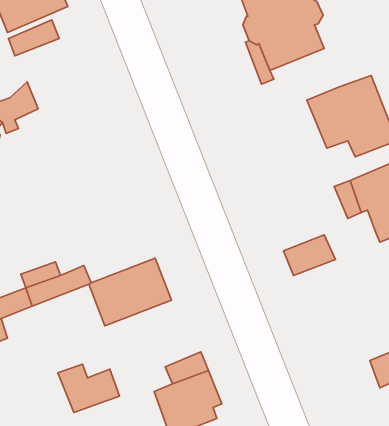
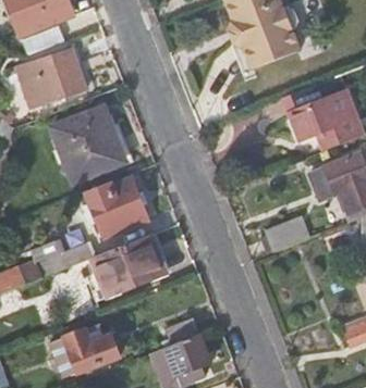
building: none -> [29,46,86,104]
building: none -> [50,105,127,184]
building: none -> [86,178,150,239]

